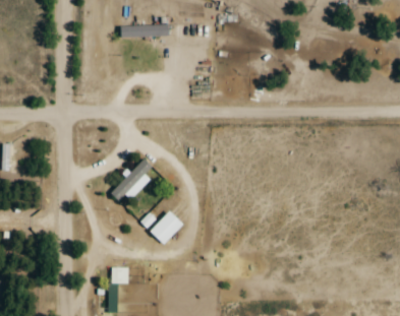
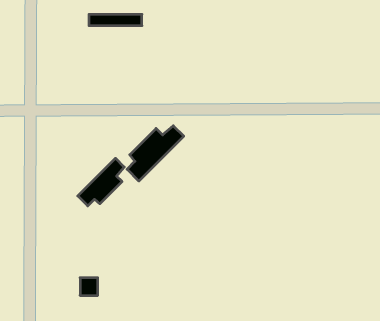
building: none -> [127,126,184,181]
building: [149,209,183,244] -> none

